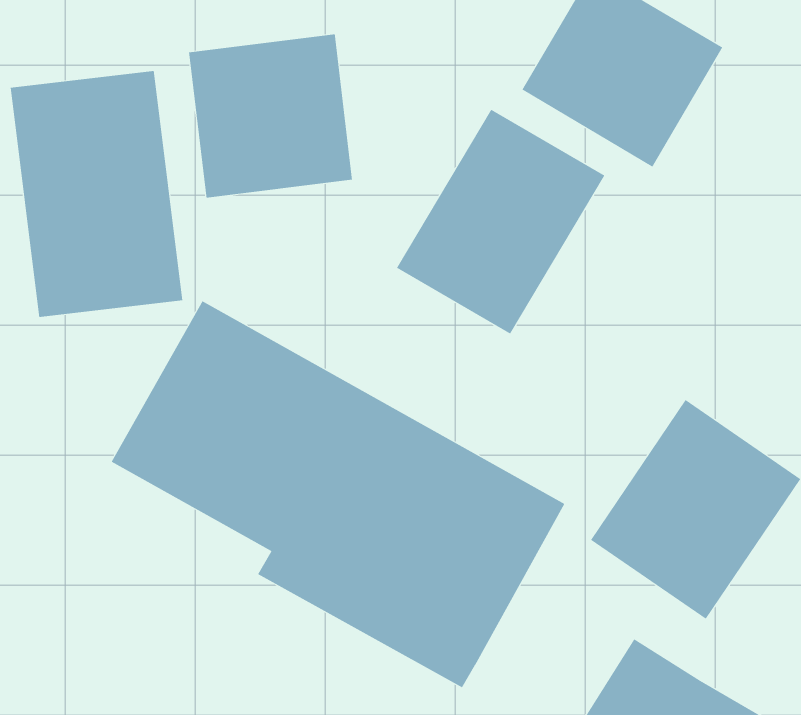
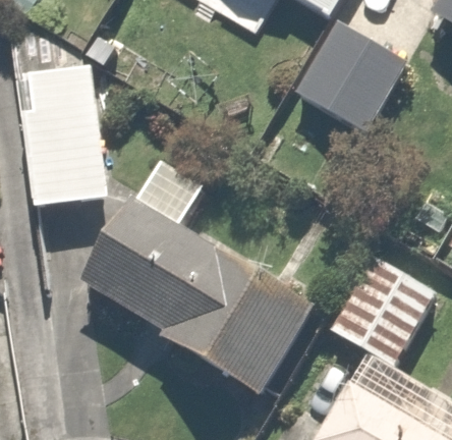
building: [189,34,353,198] -> none
building: [396,109,605,334] -> none

